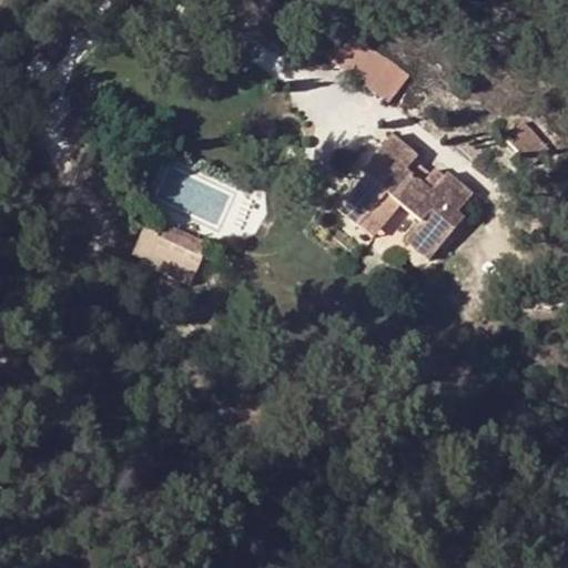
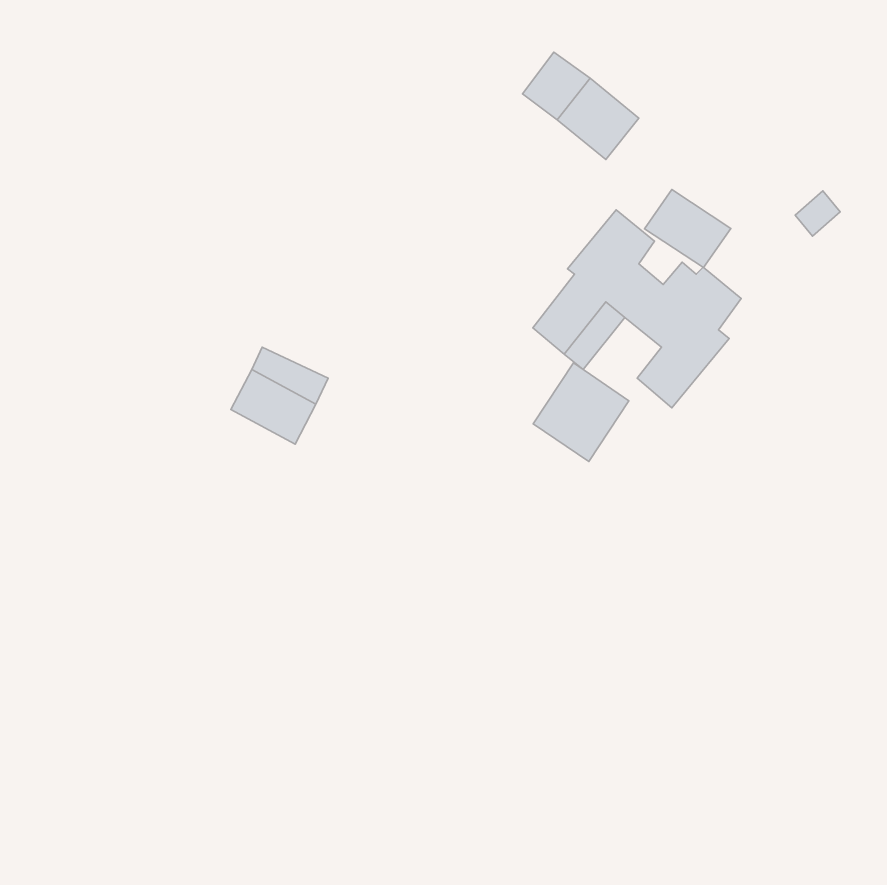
building: none -> [645,190,731,268]
building: none -> [533,363,629,462]

